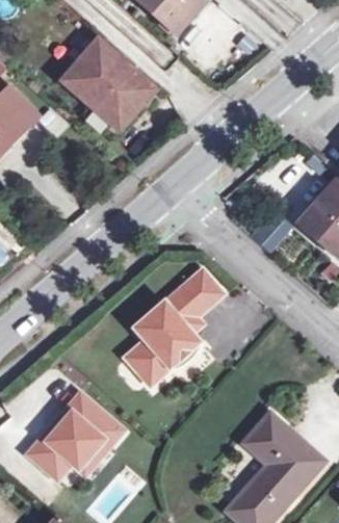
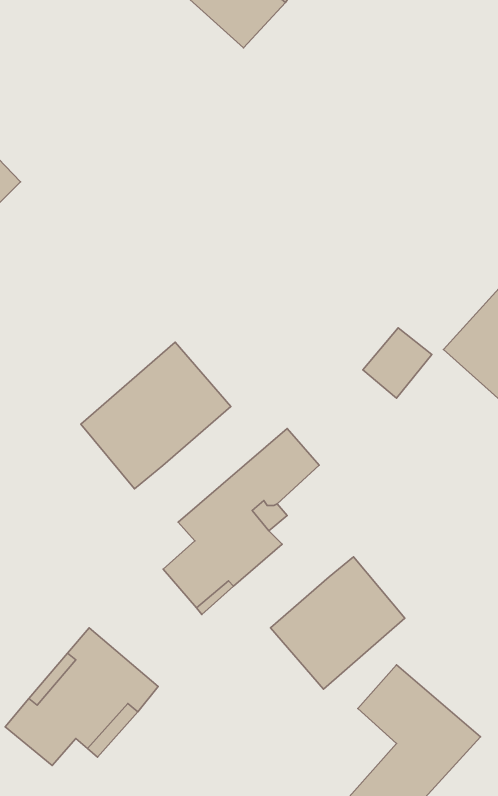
building: [60,38,154,130] -> none
building: none -> [81,342,231,489]
building: none -> [270,557,405,689]

